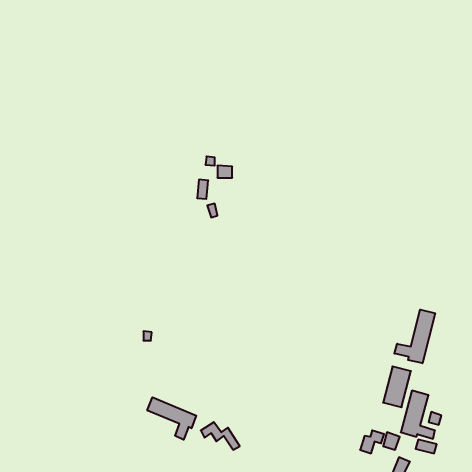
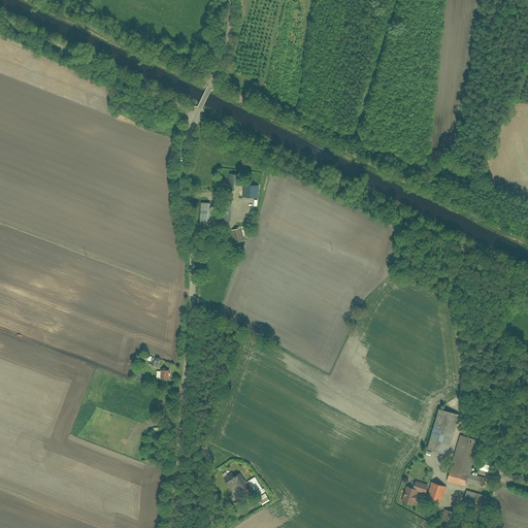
building: [394,310,435,363] -> none
building: [147,397,196,440] -> none

